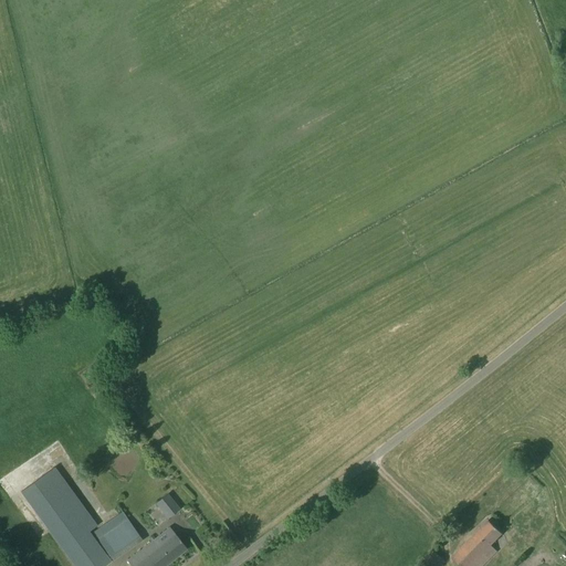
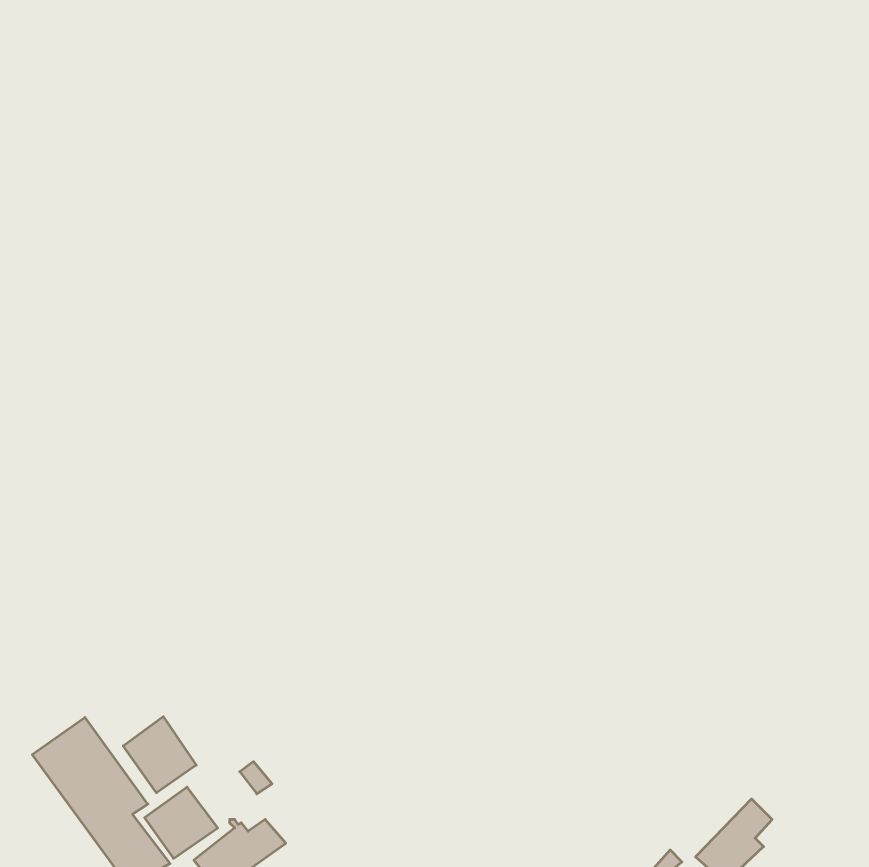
building: none -> [123,717,196,793]

